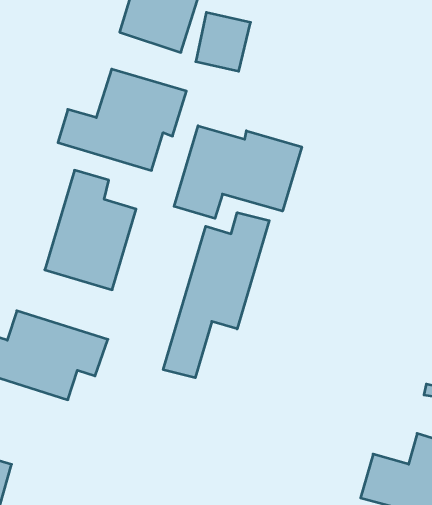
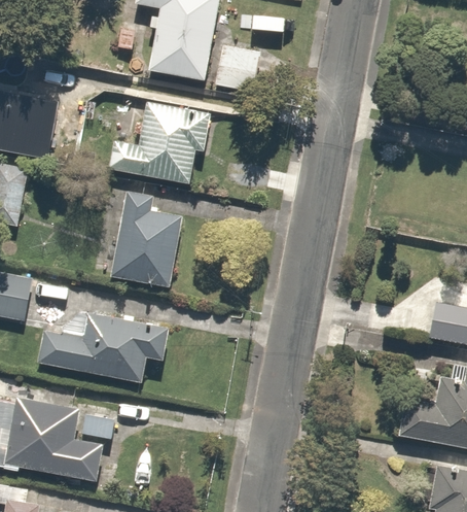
building: [174,126,302,218] -> none
building: [163,213,269,378] -> none

